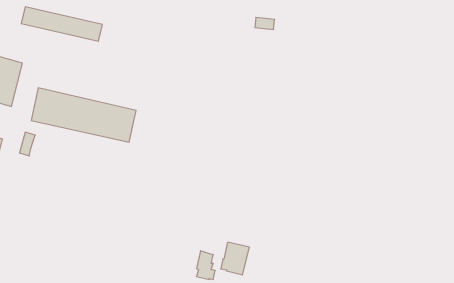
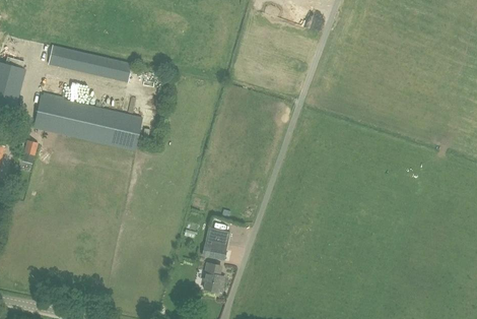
building: [21,7,102,41] -> [48,45,131,80]
building: [221,242,249,275] -> [201,227,230,260]

